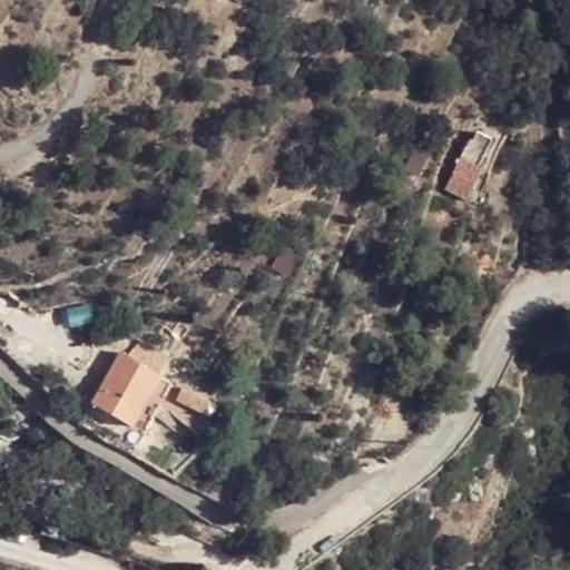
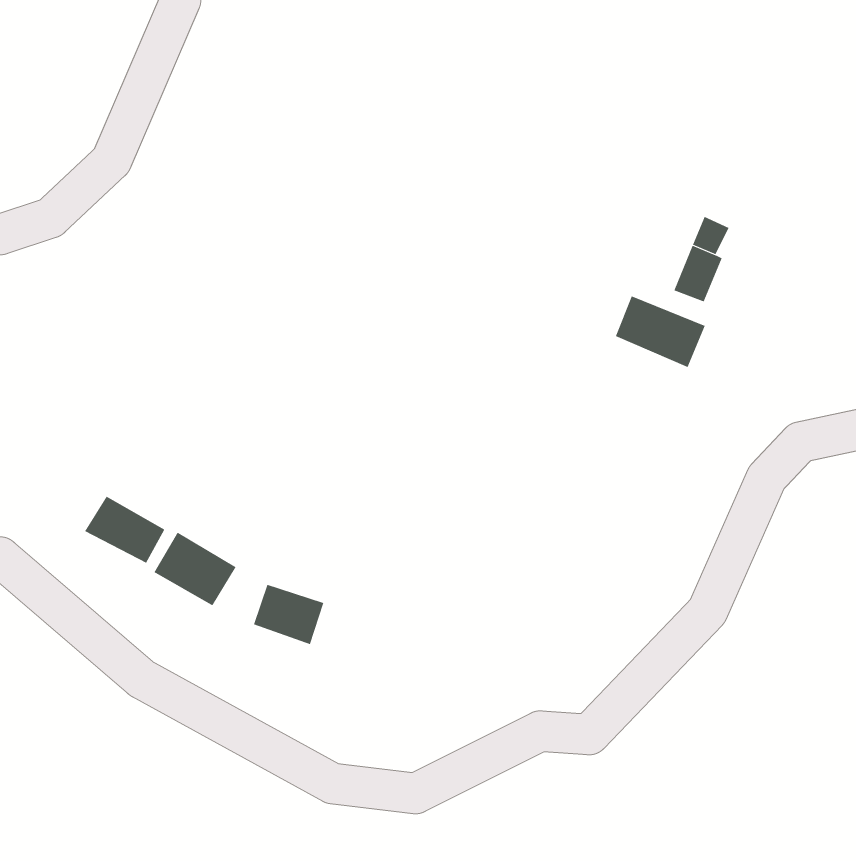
building: none -> [615,295,706,368]
building: [91,379,145,423] -> [84,496,165,563]

